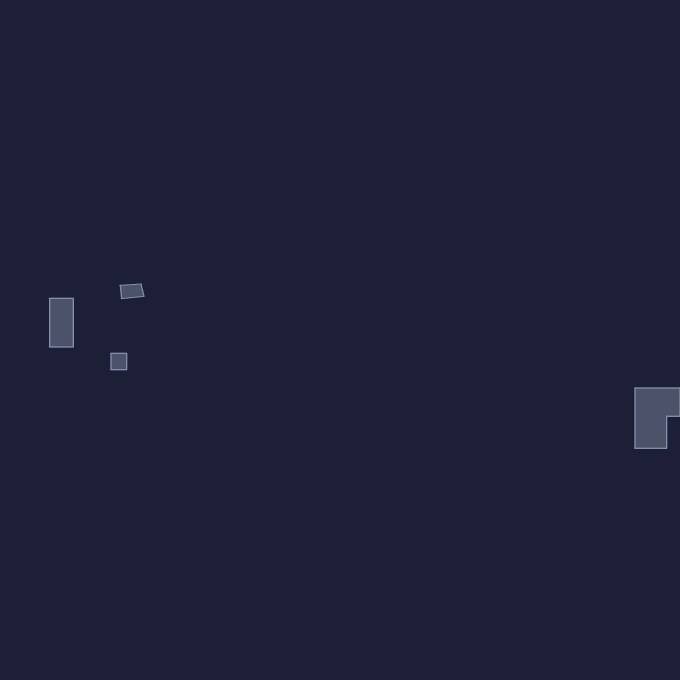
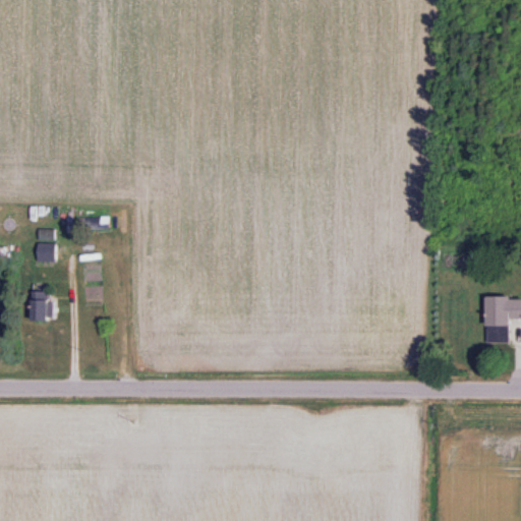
building: none -> [30,289,53,321]

